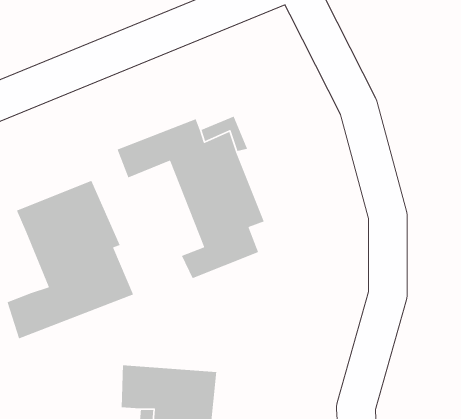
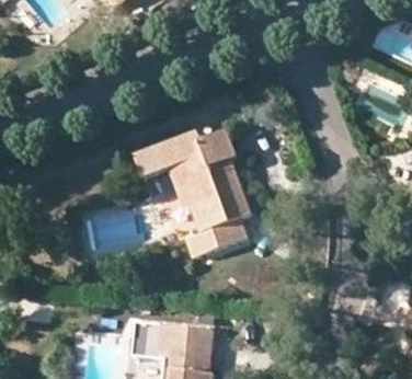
building: [7,180,134,339] -> none

